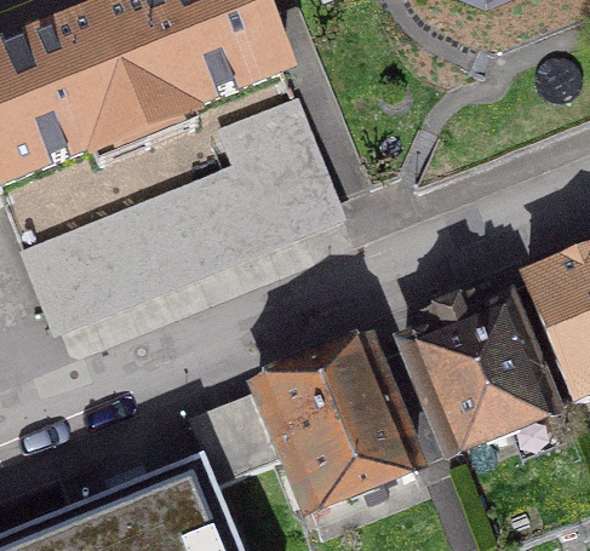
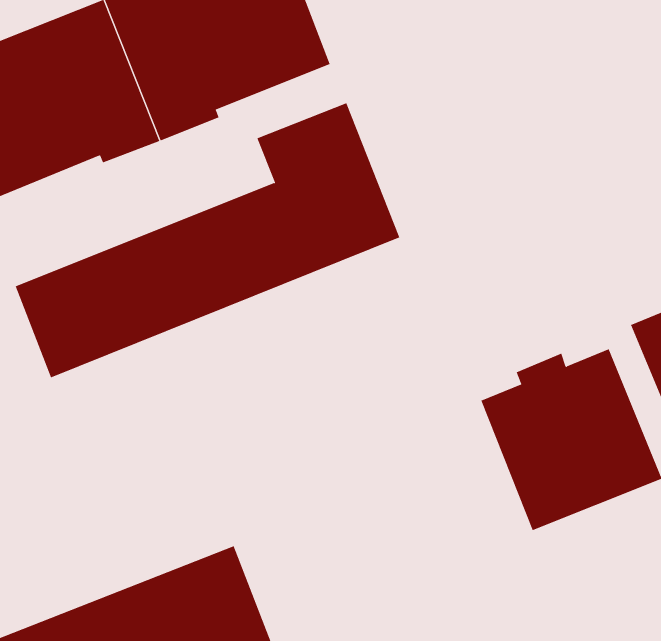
building: [257,348,414,510] -> none

